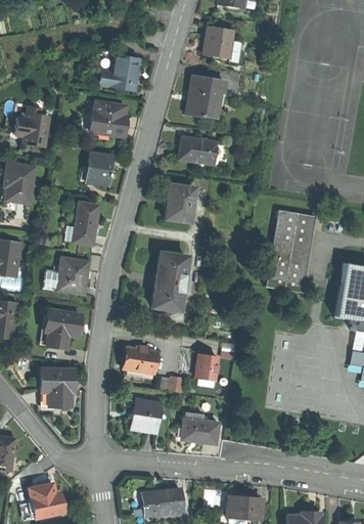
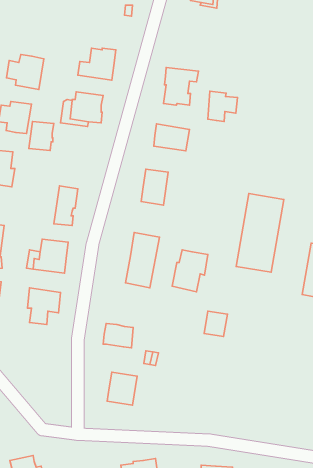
building: [202,26,232,58] -> none
building: none -> [6,55,44,89]
building: none -> [208,91,237,121]
building: [86,154,112,184] -> [29,121,54,151]
building: none -> [172,250,208,292]
building: [194,353,219,380] -> [204,311,227,337]
building: [42,369,74,406] -> none
building: [182,418,219,444] -> none

